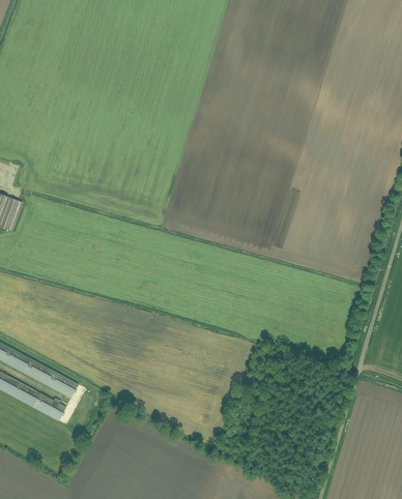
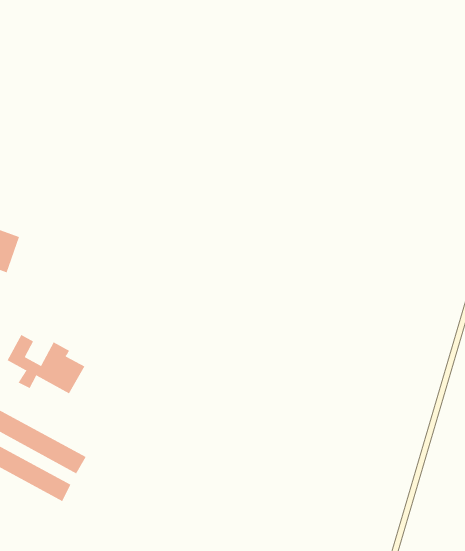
building: none -> [7,334,85,394]

